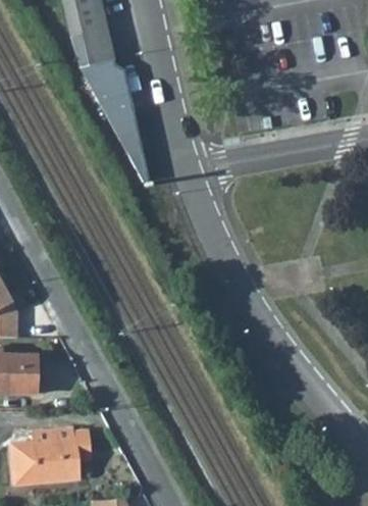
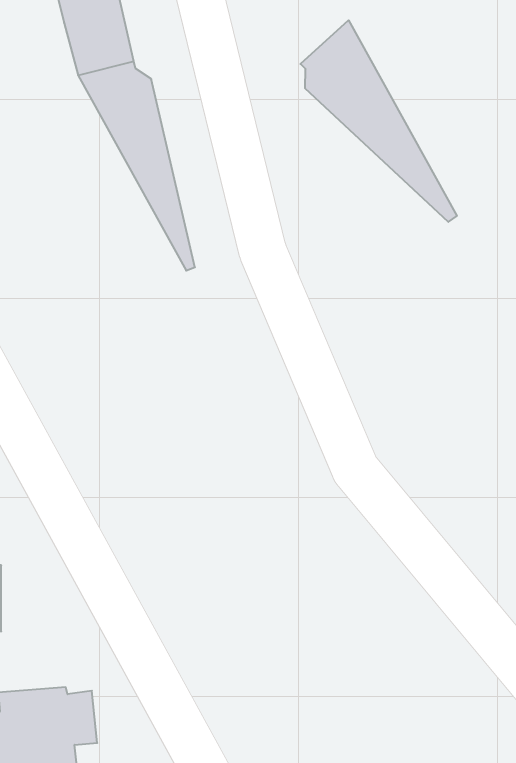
building: none -> [300,20,457,222]

